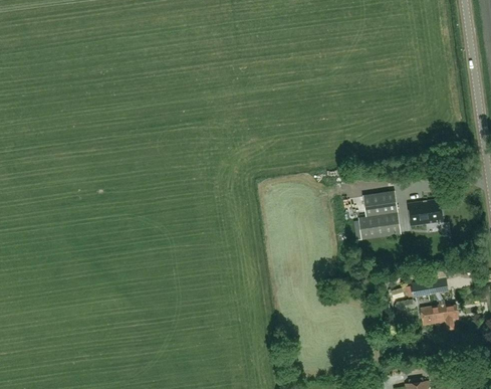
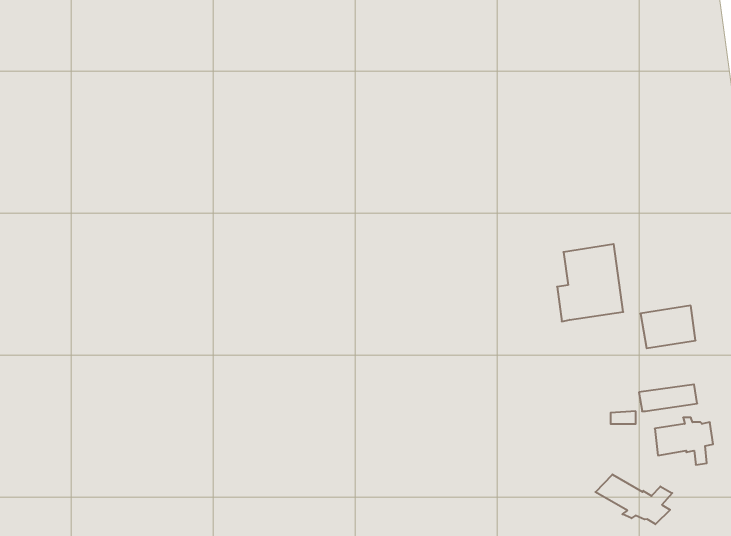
building: [407,199,442,226] -> [640,306,696,348]
building: none -> [595,474,672,524]

